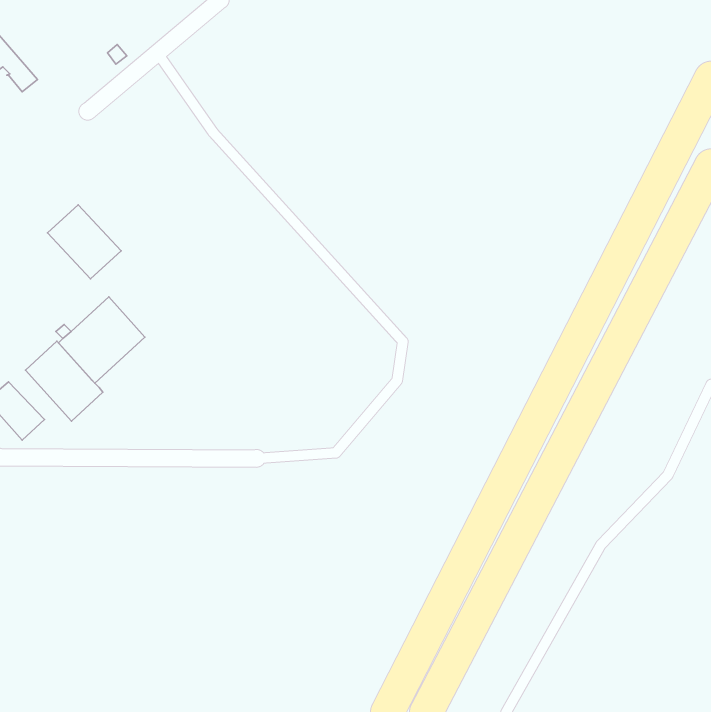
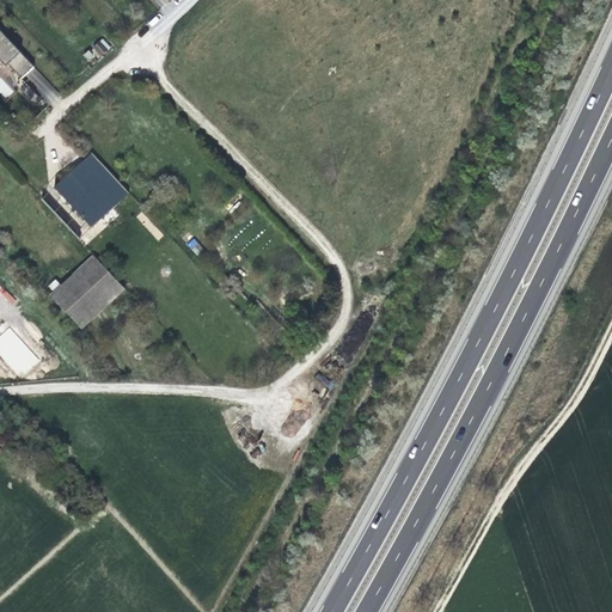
building: none -> [67,153,127,215]
building: [25,341,103,421] -> none

